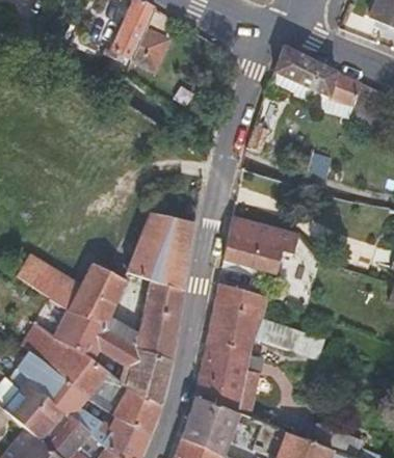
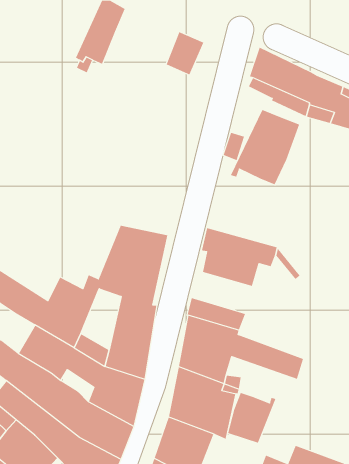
building: [133,30,169,72] -> [166,32,204,75]
building: none -> [230,109,300,185]
building: none -> [228,392,276,444]

